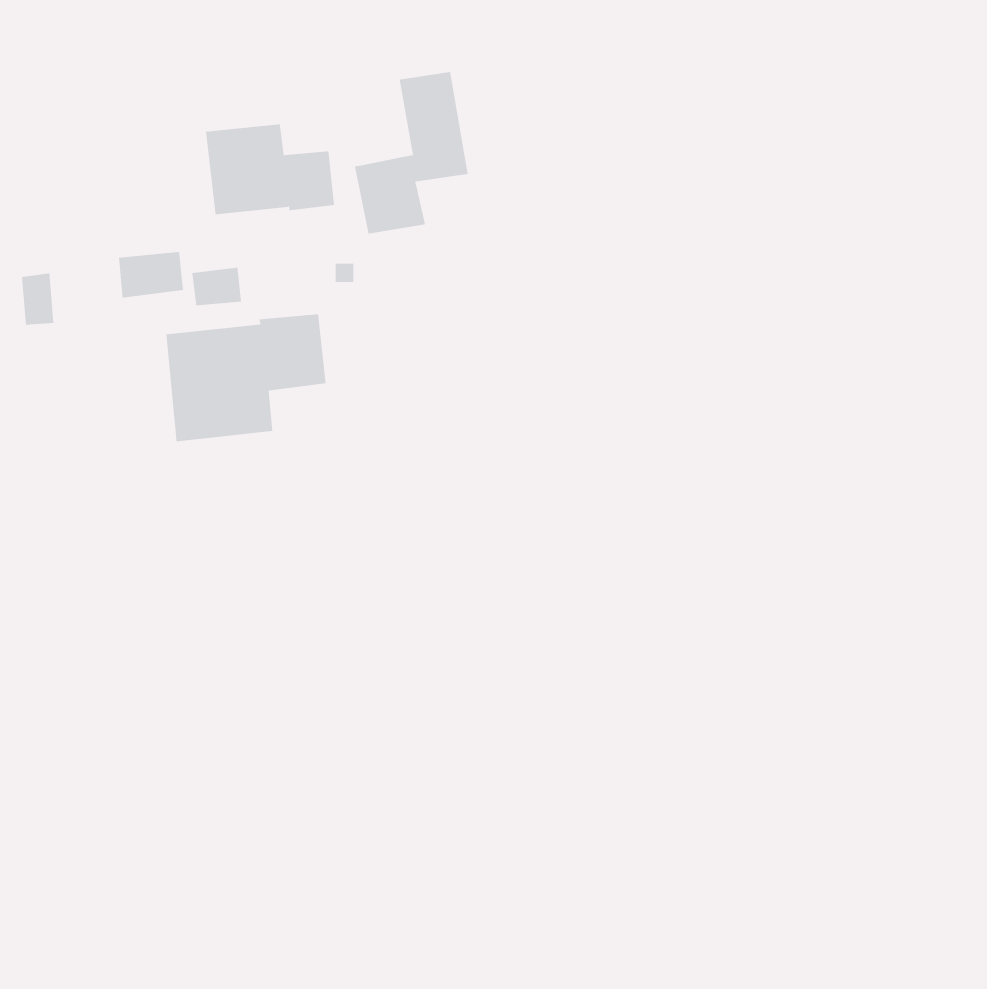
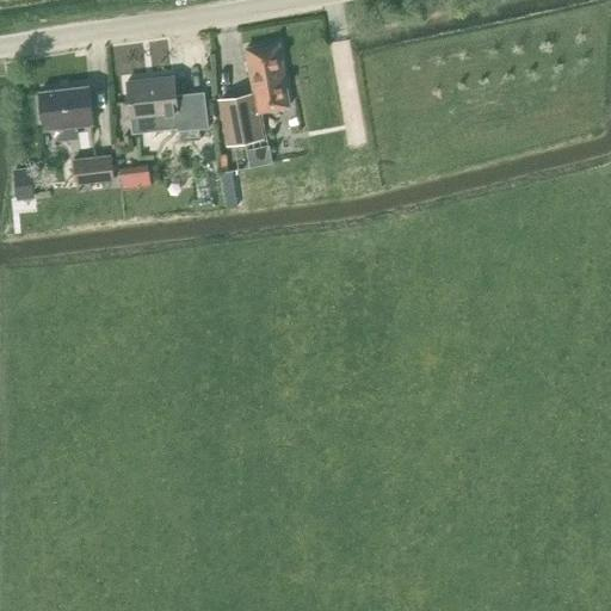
building: none -> [38,86,93,140]
building: [166,314,326,442] -> none

